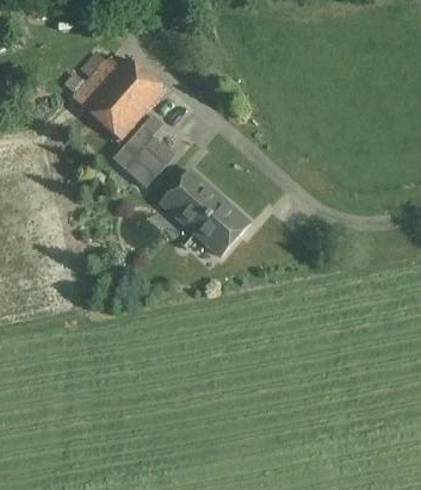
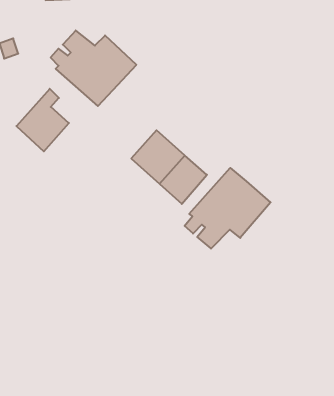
building: [112,112,174,186] -> [16,89,69,151]
building: none -> [185,168,271,249]

